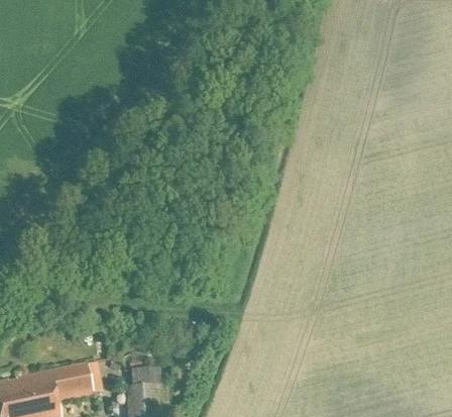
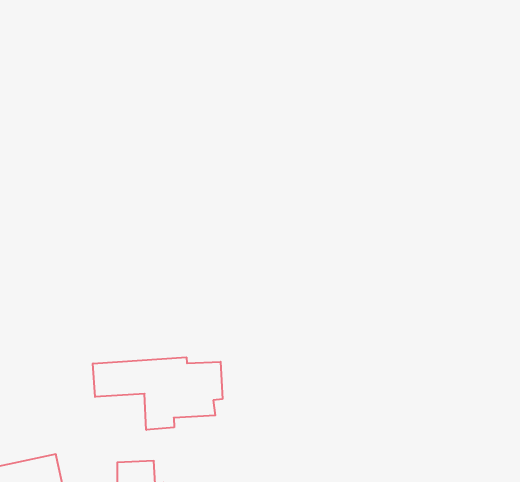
building: none -> [93,357,222,430]

